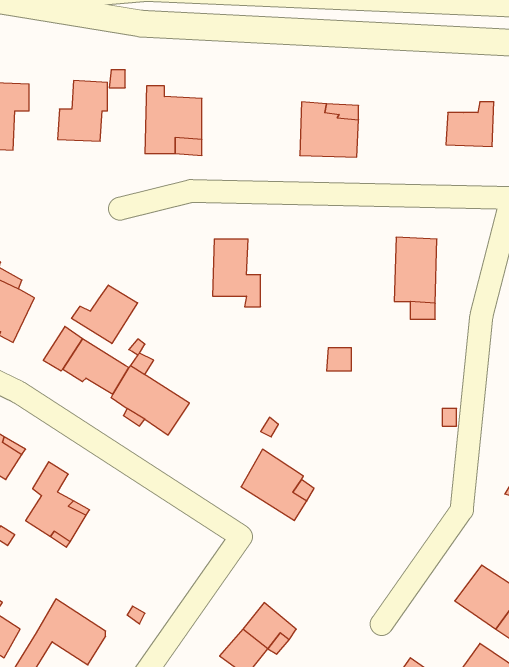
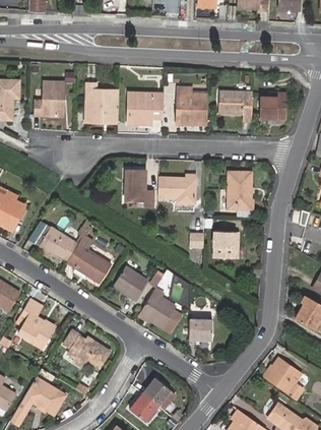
building: none -> [218,93,251,120]
building: none -> [127,95,163,125]
building: none -> [158,177,195,205]
building: [72,285,138,344] -> none
building: none -> [216,232,238,257]
building: none -> [114,266,148,301]
building: none -> [188,319,211,340]
building: none -> [65,329,112,369]

